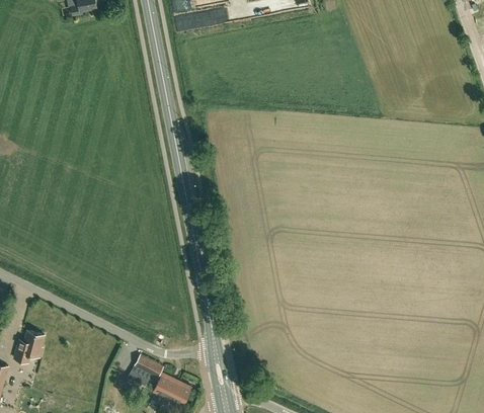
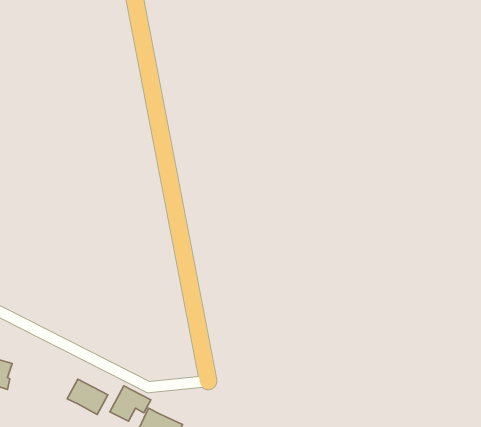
building: none -> [67,379,108,414]

